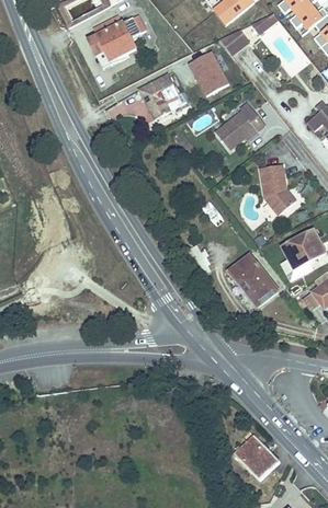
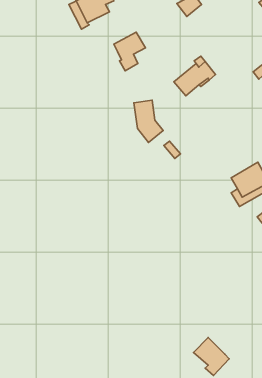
building: [186,50,229,96] -> none
building: [259,163,294,213] -> [134,100,163,142]
building: [224,252,276,305] -> none

